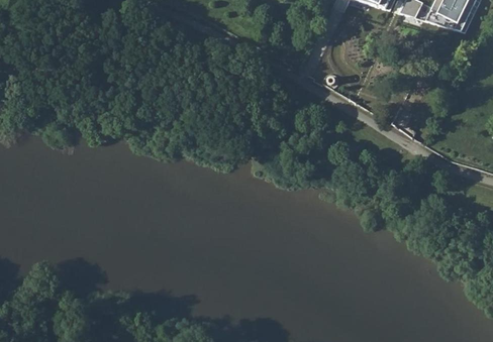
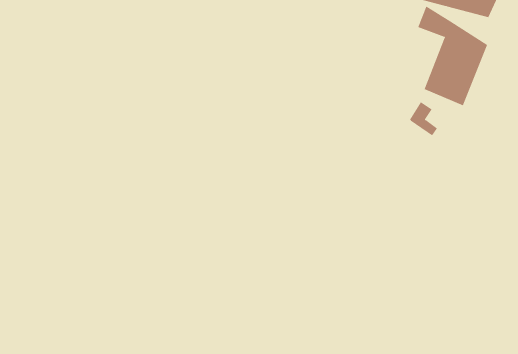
building: none -> [418,5,488,106]

